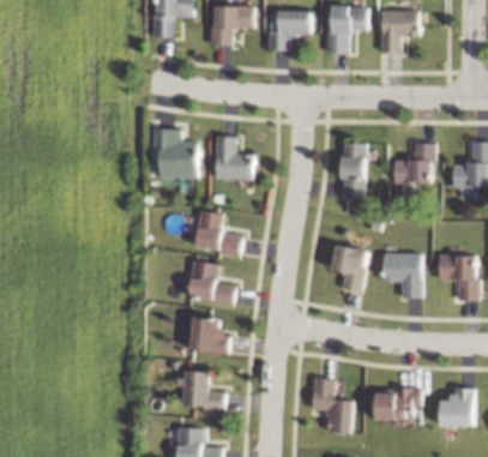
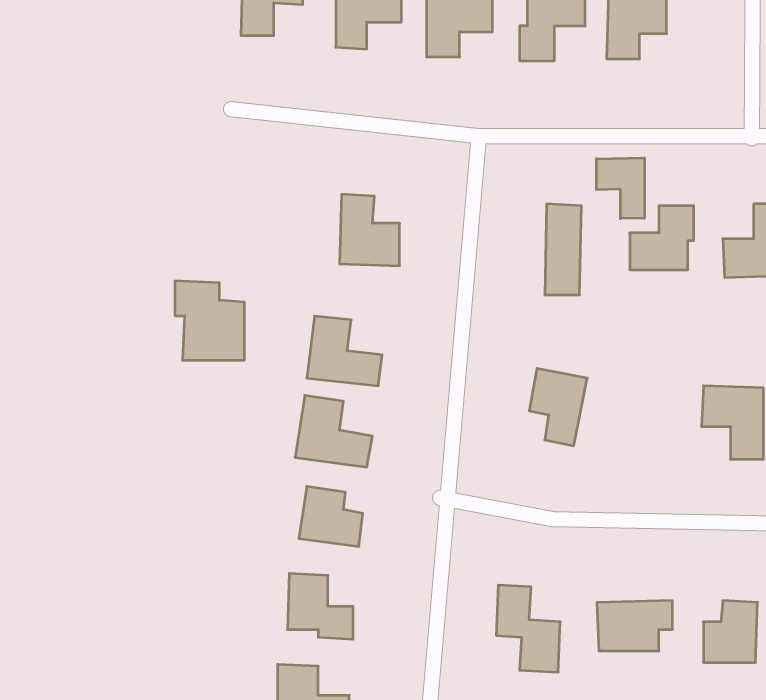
building: none -> [596,158,644,219]
building: [153,128,197,178] -> [175,281,244,360]
building: [382,252,421,297] -> none

